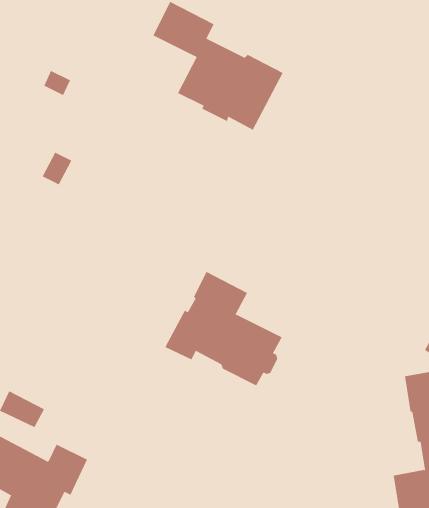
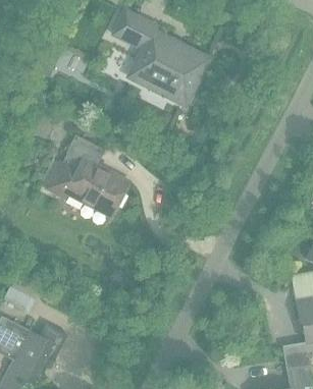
building: [165,271,282,386] -> [46,134,129,216]

